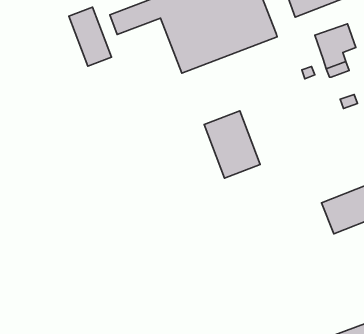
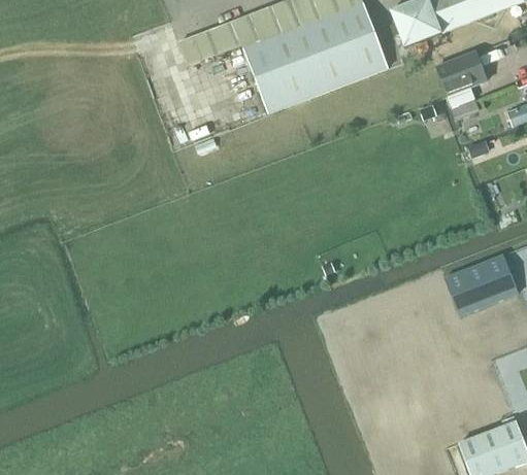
building: [69,7,111,66] -> none
building: [204,111,260,178] -> none

